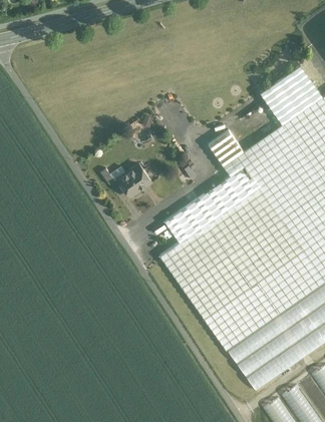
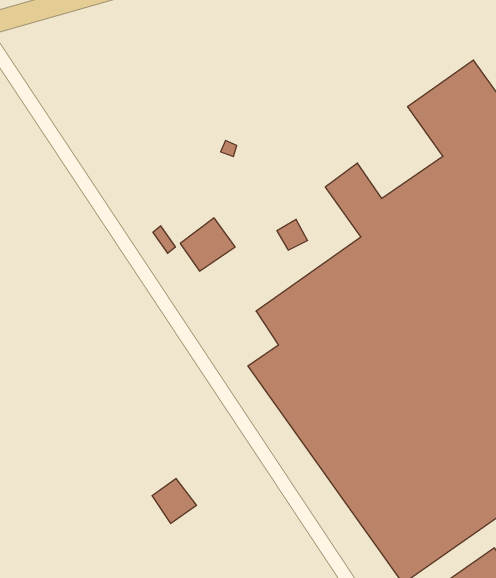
building: none -> [152,478,196,524]

